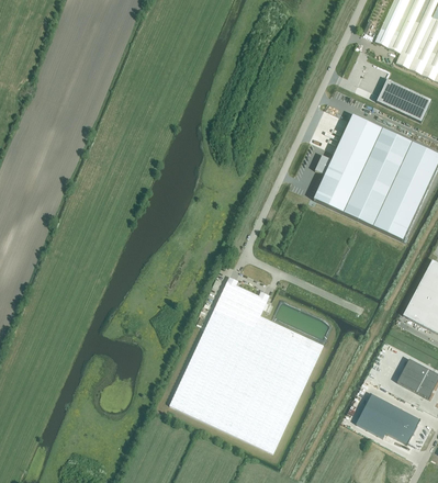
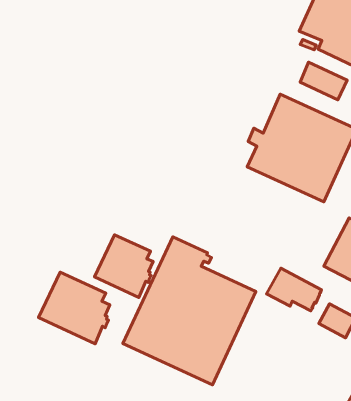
building: none -> [95,235,153,298]
building: none -> [39,272,110,344]
building: [356,393,419,442] -> [267,268,321,311]

